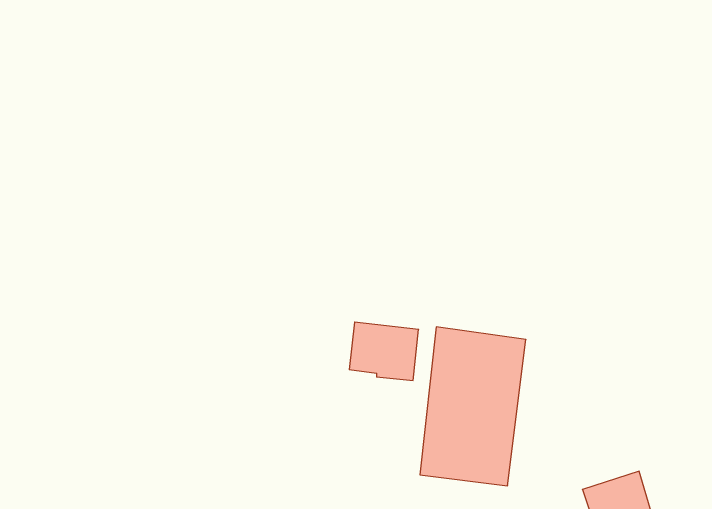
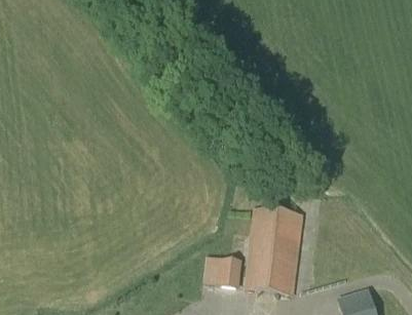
building: [349,322,419,380] -> [203,255,242,288]

